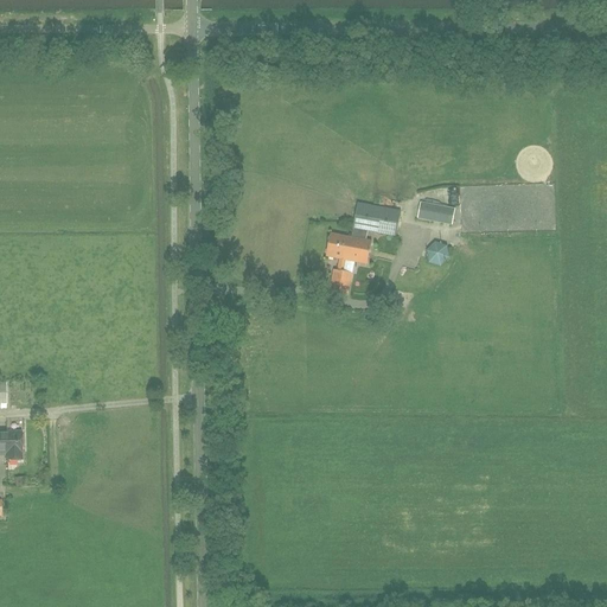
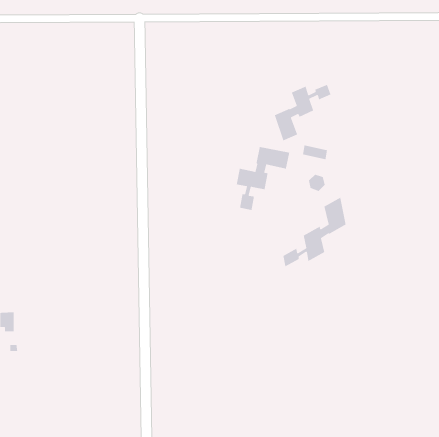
building: none -> [274,84,331,142]
building: none -> [282,196,347,267]

